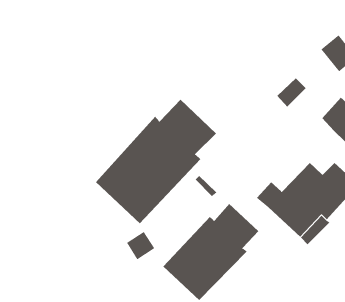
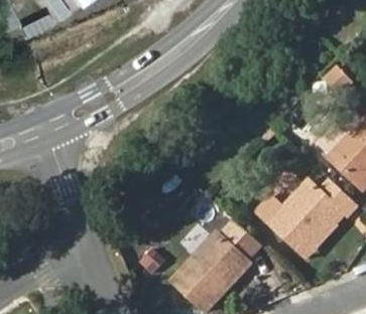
building: [95,99,217,224] -> none

